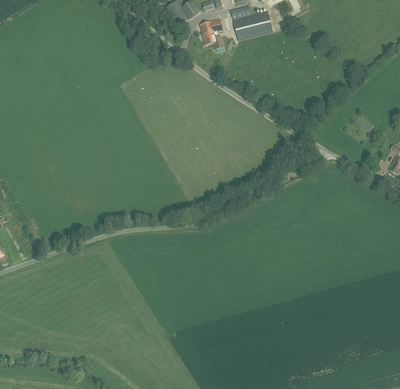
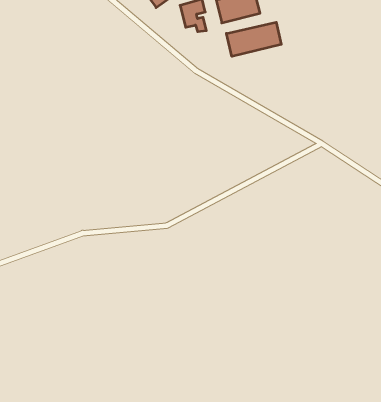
building: none -> [226,22,281,56]

